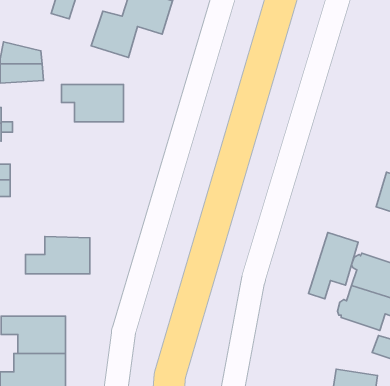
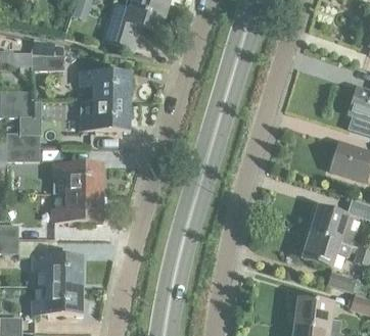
building: none -> [74,101,129,129]
building: none -> [53,164,102,193]
building: [308,232,358,299] -> none

